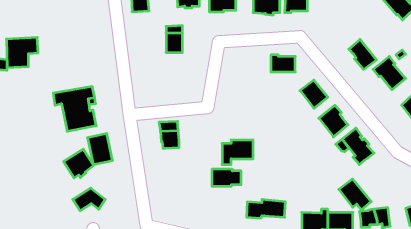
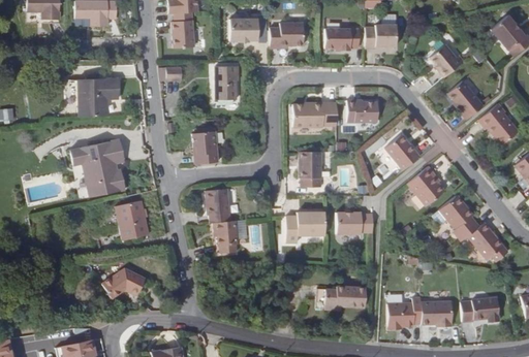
building: none -> [429,46,464,80]
building: [6,37,38,67] -> [81,78,121,117]
building: none -> [294,103,338,130]
building: none -> [194,126,221,162]
building: none -> [301,151,323,187]
building: none -> [214,219,239,251]
building: [64,149,94,178] -> none
building: [212,169,241,186] -> [336,213,373,234]
building: [339,179,371,210] -> [467,223,508,262]

